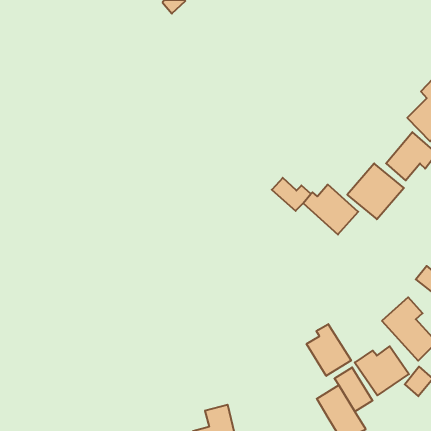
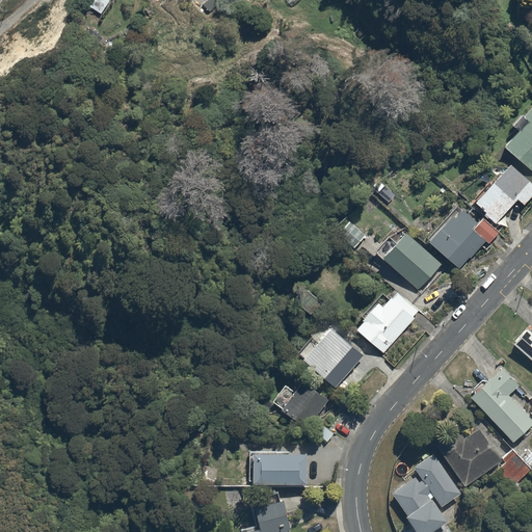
building: none -> [352,291,419,353]
building: none -> [302,325,367,390]
building: none -> [272,377,330,427]
building: [307,324,351,376] -> none
building: none -> [252,452,307,487]

